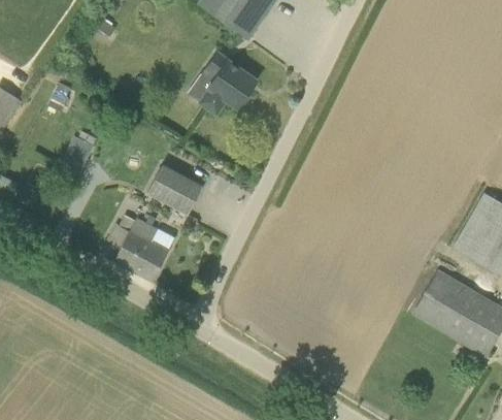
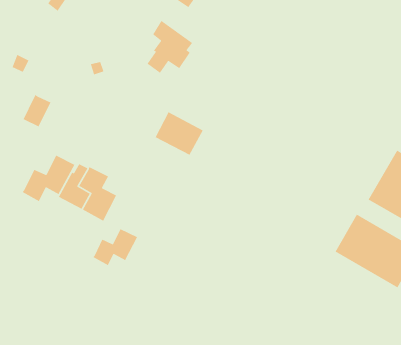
building: [147,163,203,214] -> [154,111,204,156]
building: none -> [22,155,75,202]
building: none -> [92,228,138,266]

